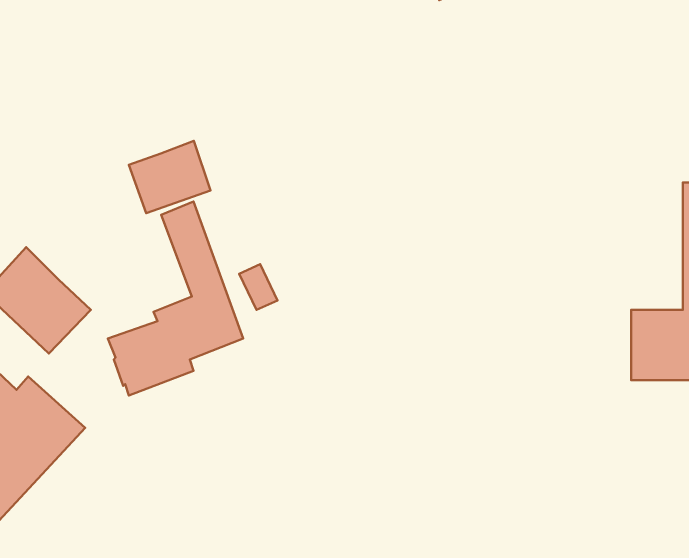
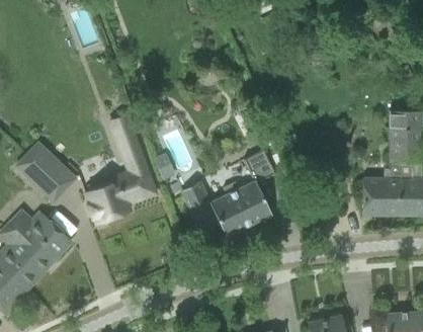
building: [129,141,211,213] -> none
building: none -> [180,150,275,236]

